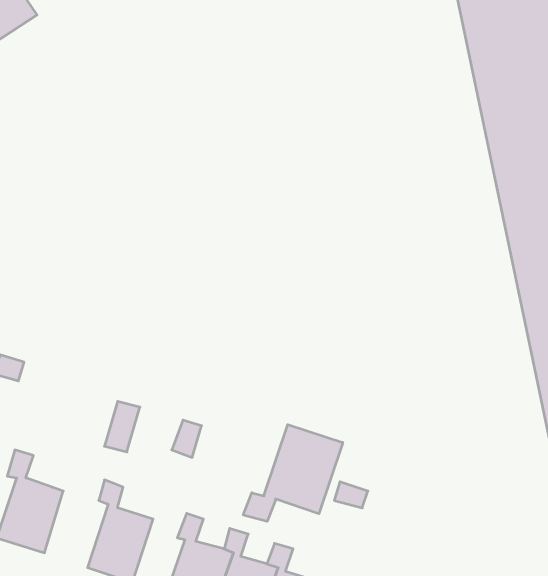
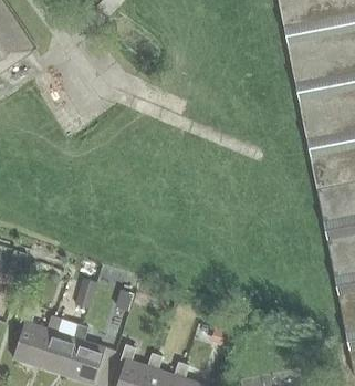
building: [243,425,343,521] -> none
building: none -> [41,315,79,376]

